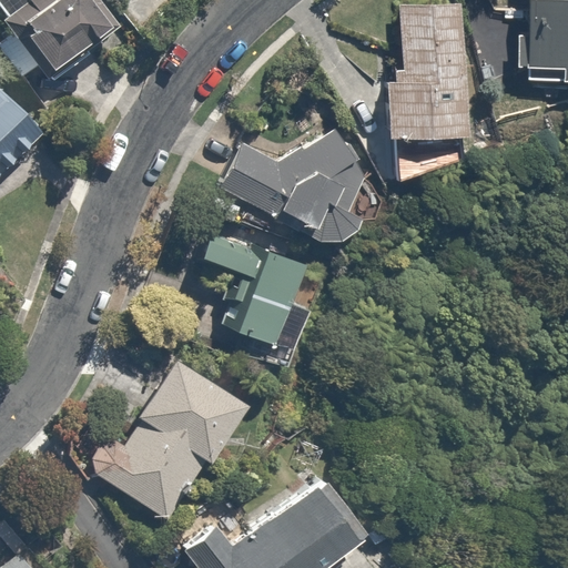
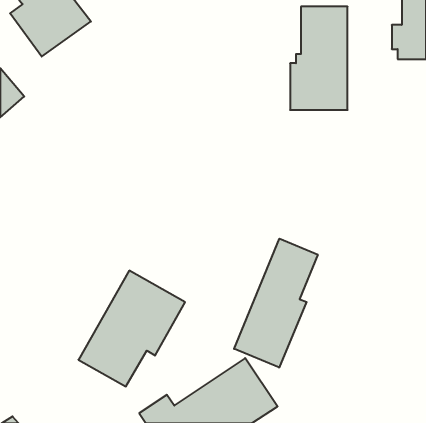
building: [215,121,379,254] -> none
building: [202,235,306,353] -> none
building: none -> [234,239,318,368]

